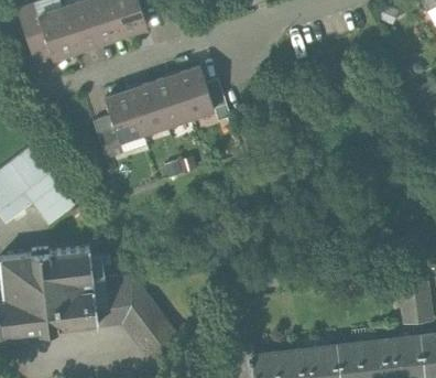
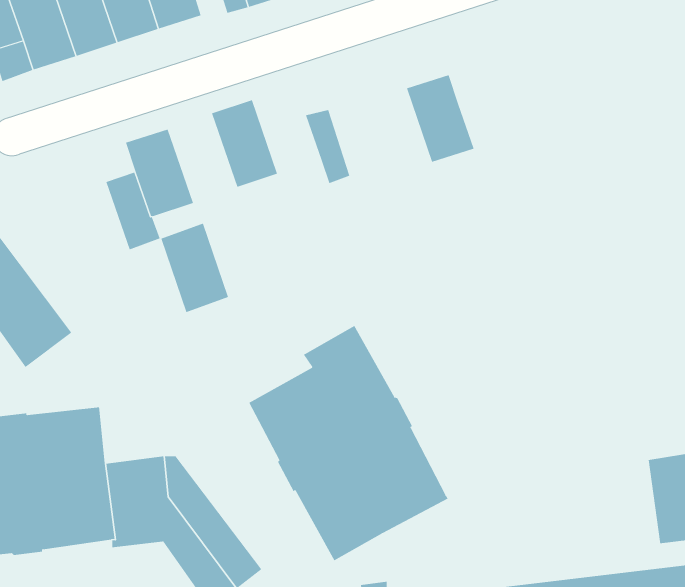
building: [175,66,214,116] -> [406,75,475,163]
building: [128,82,166,132] -> [160,223,229,313]
building: none -> [248,325,449,561]

